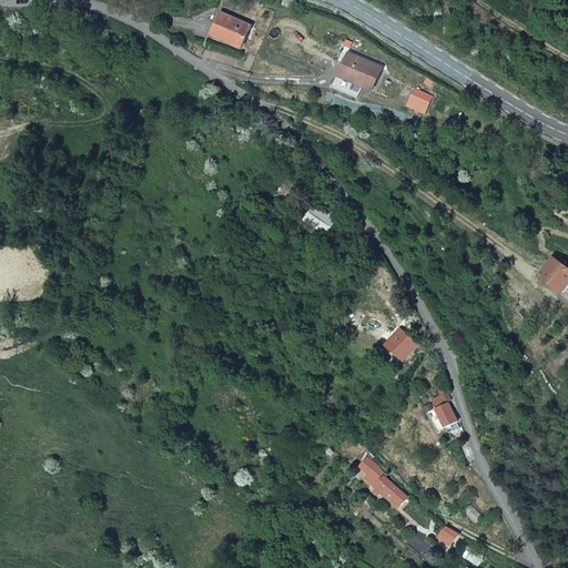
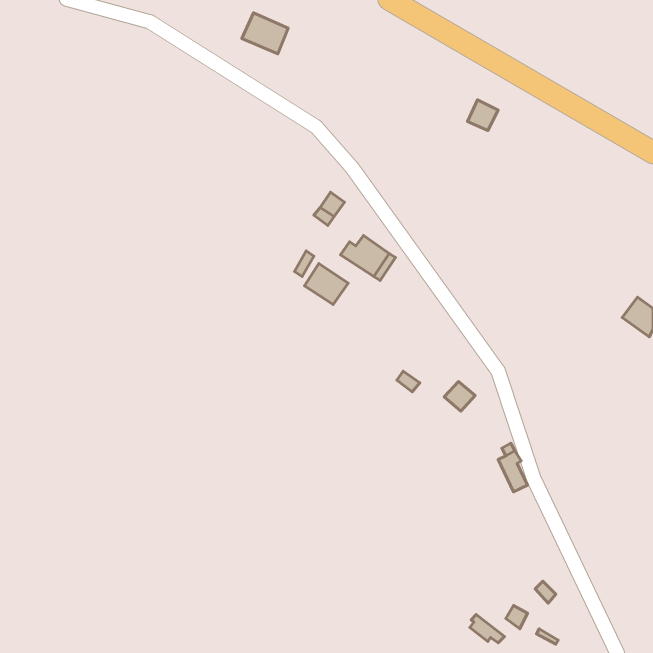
building: [332,52,379,97] -> none
building: none -> [304,264,348,305]
building: [358,457,405,507] -> none

